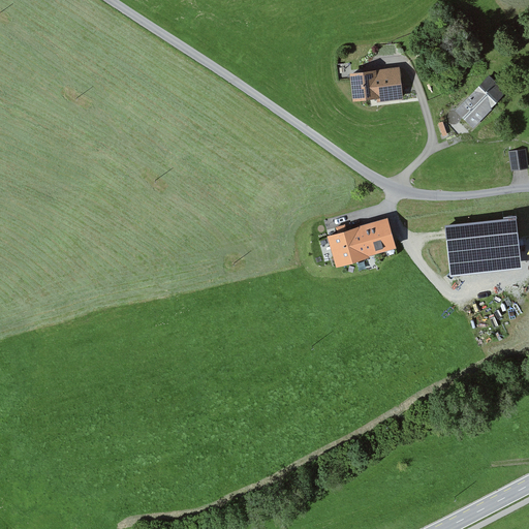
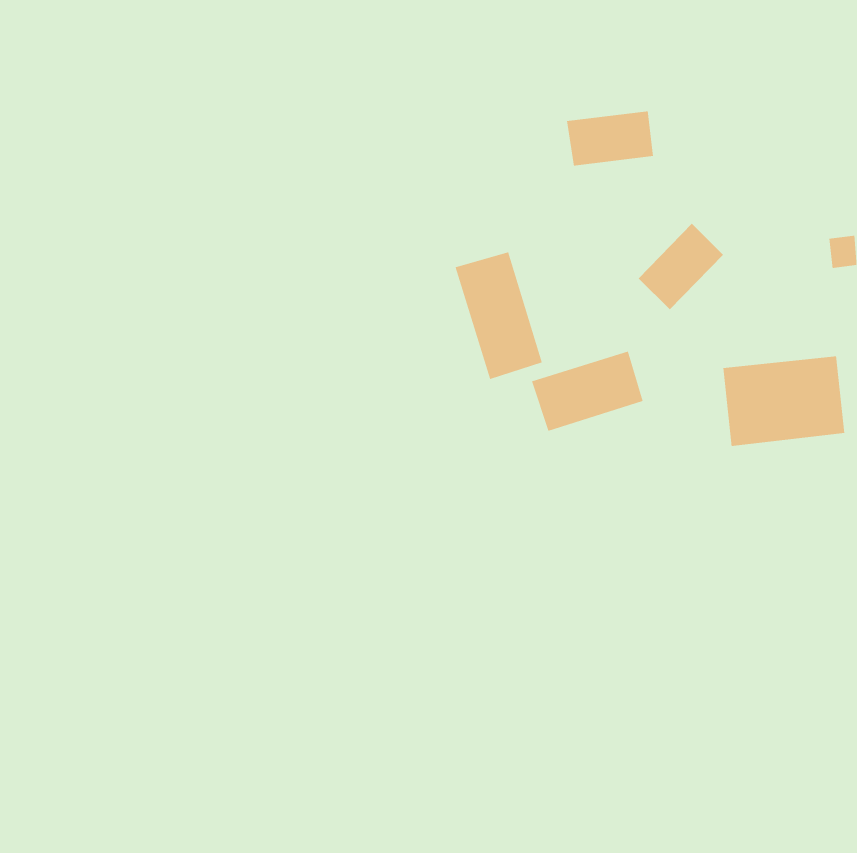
building: [454,74,506,128] -> [638,223,724,310]
building: none -> [455,252,543,380]

